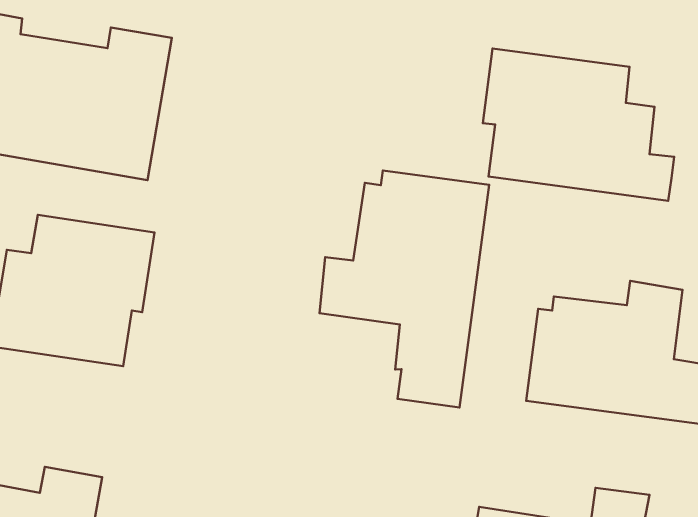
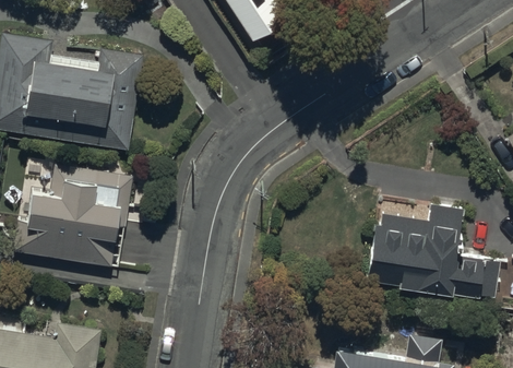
building: [483,48,674,201] -> none
building: [320,170,489,407] -> none

